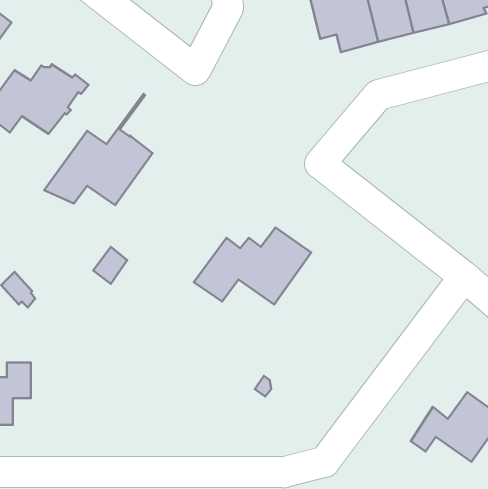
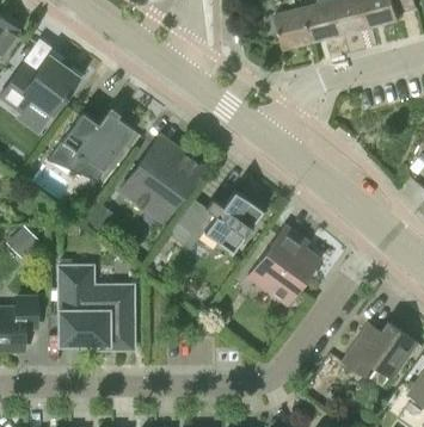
building: none -> [119,142,202,211]
building: none -> [253,227,318,305]
building: none -> [60,268,131,349]

